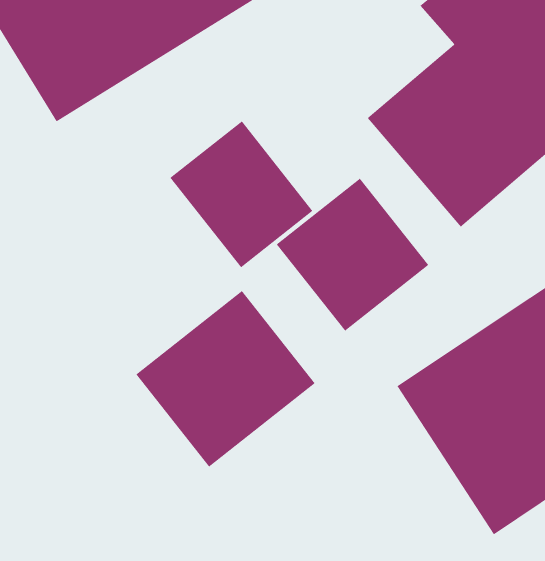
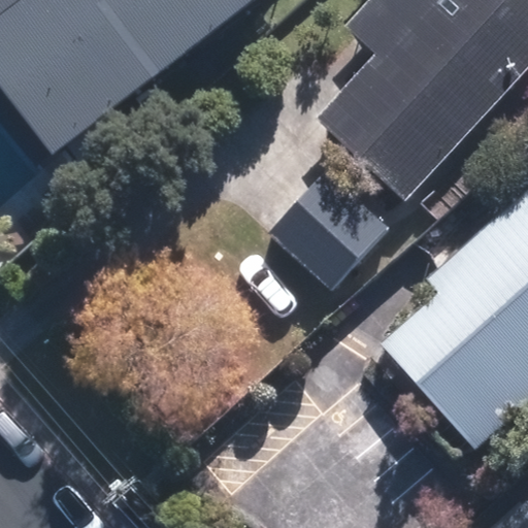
building: [170,121,313,268] -> none
building: [135,290,316,467] -> none

